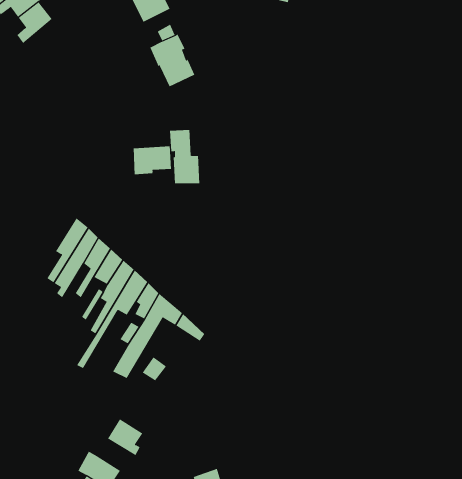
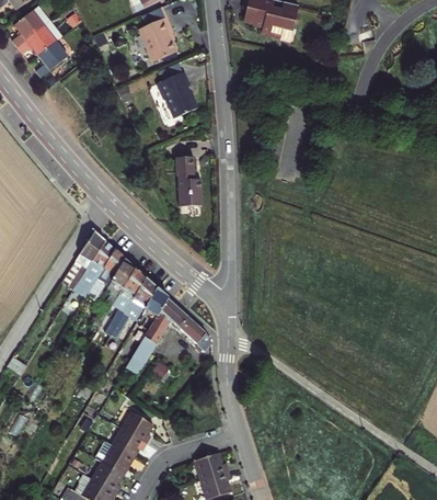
building: [133,146,171,175] -> none
building: none -> [112,427,146,455]

